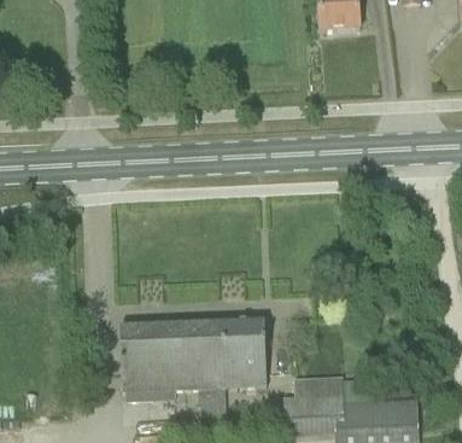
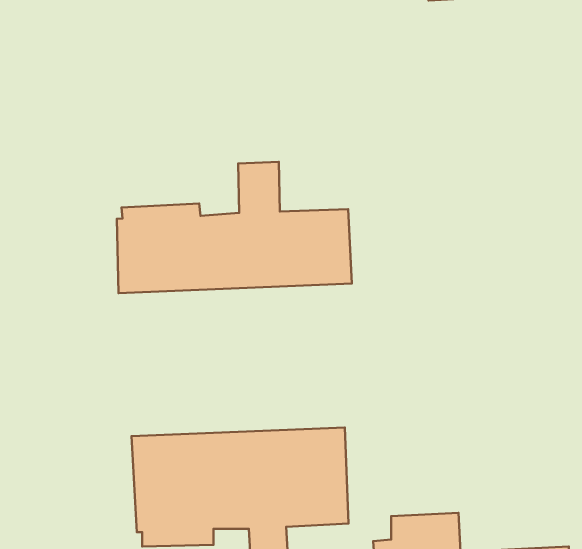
building: none -> [117,162,352,293]

